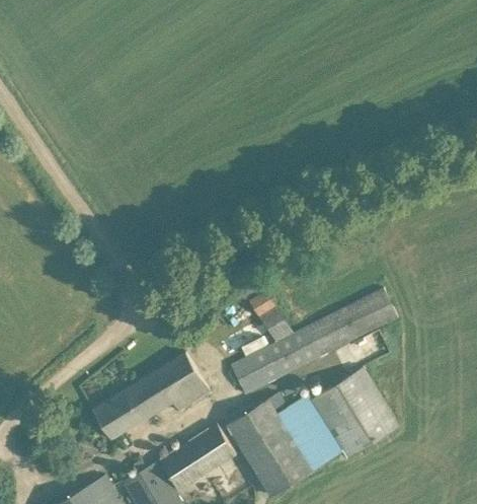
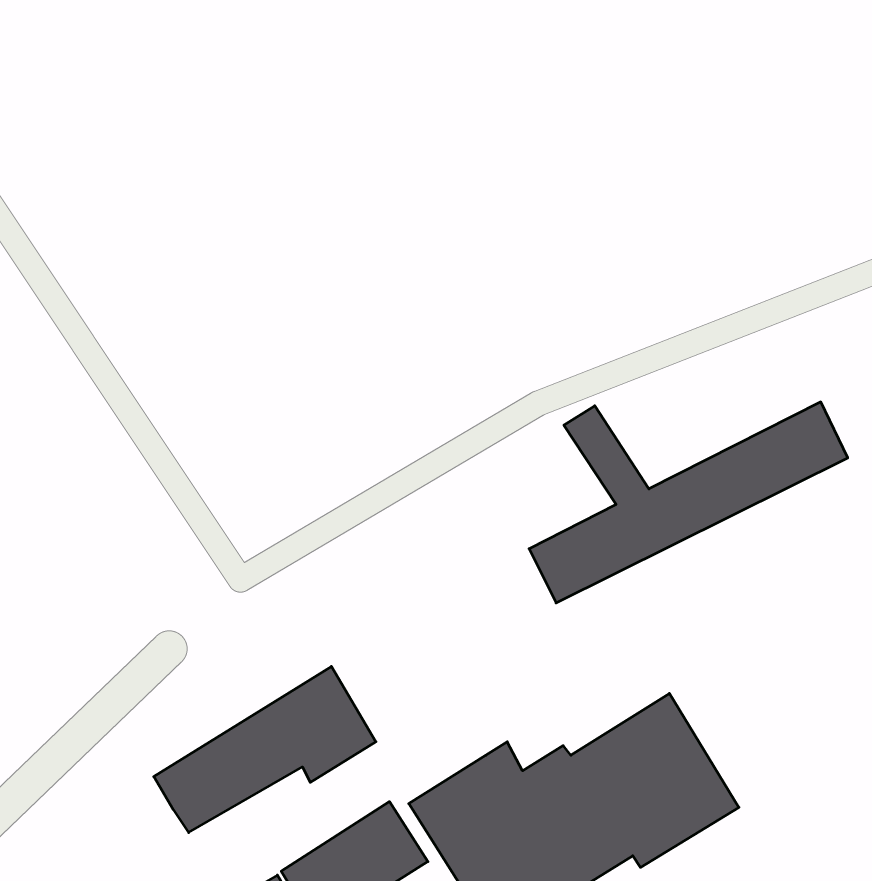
building: [230,289,397,394] -> [529,402,848,603]

